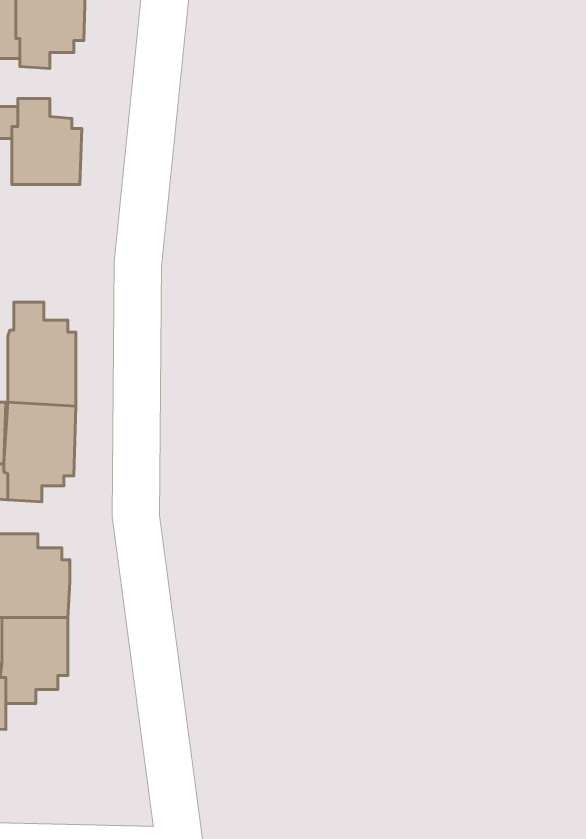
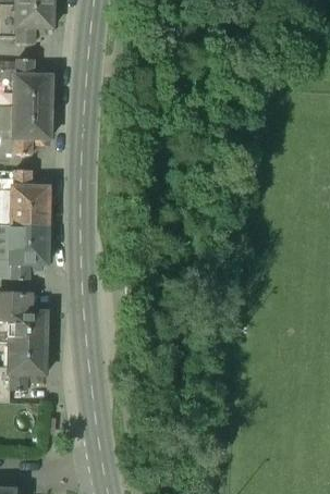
building: none -> [13,104,51,151]

